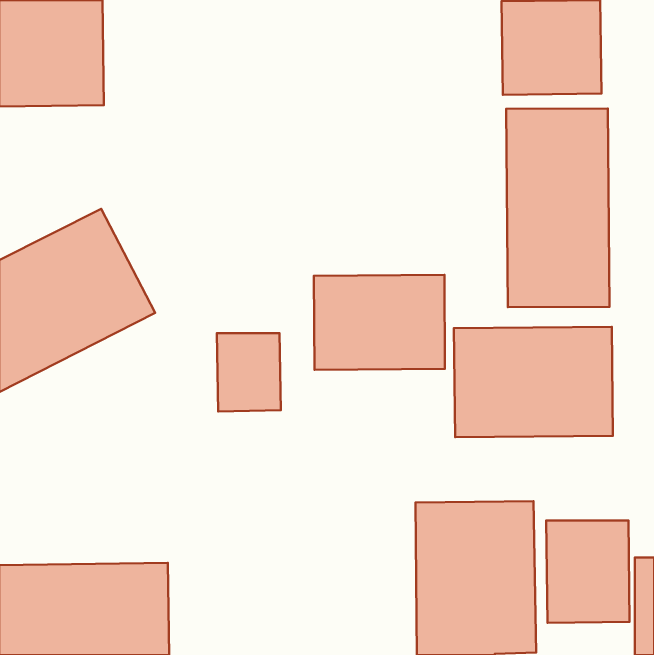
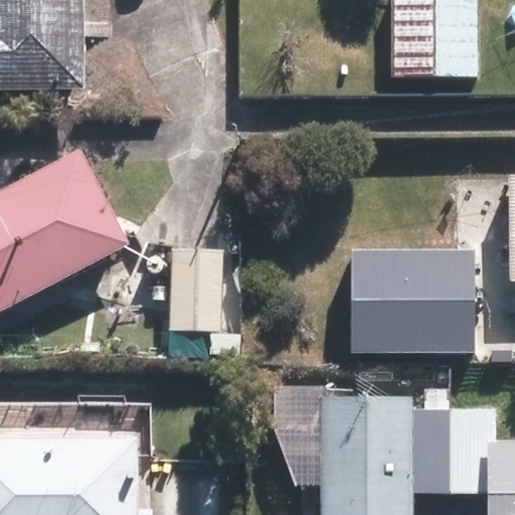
building: [506,108,609,307] -> none
building: [314,275,445,370] -> none

